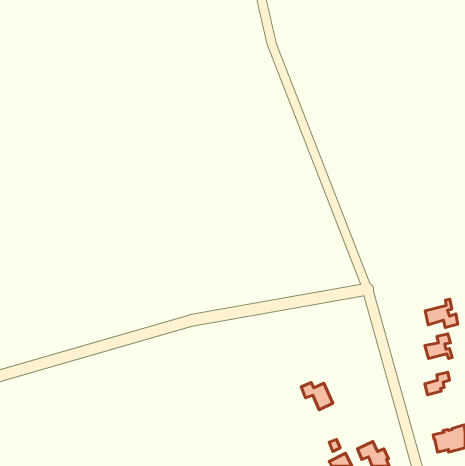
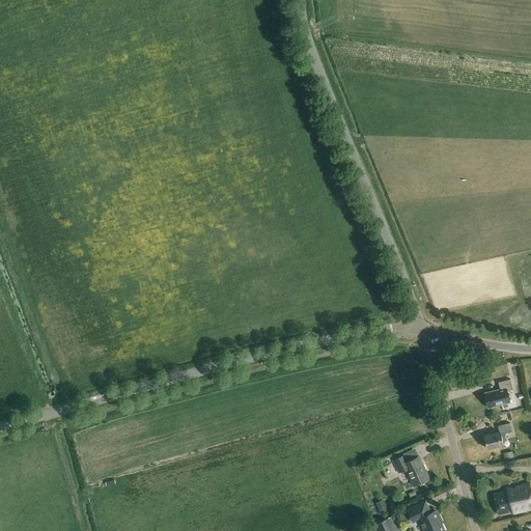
building: [425,299,458,327] -> none
building: [301,382,333,410] -> [392,455,428,486]

